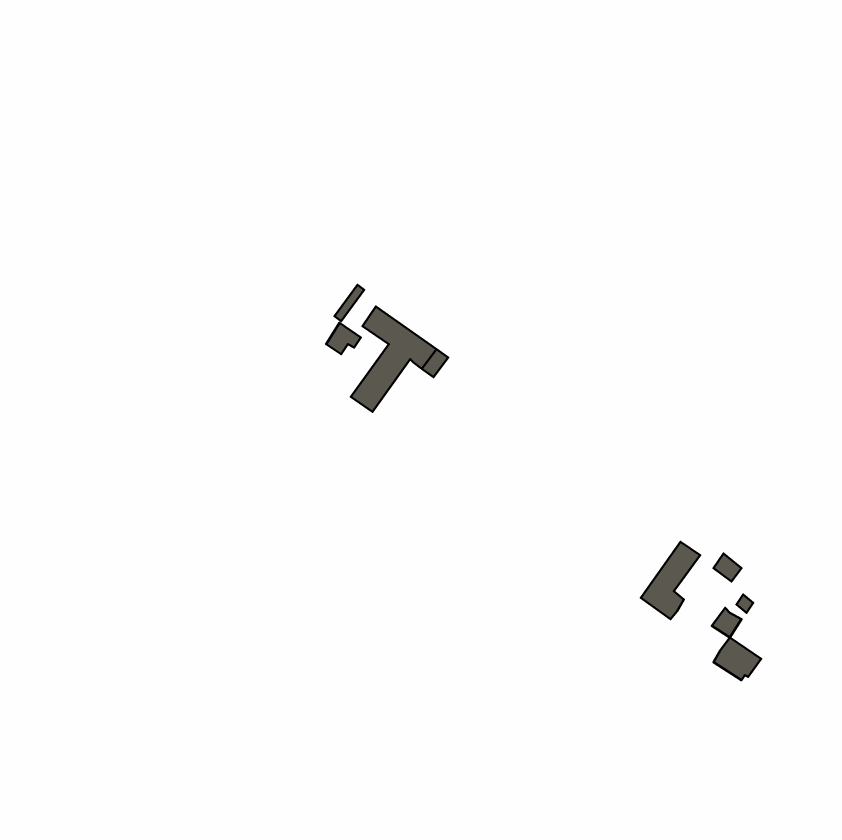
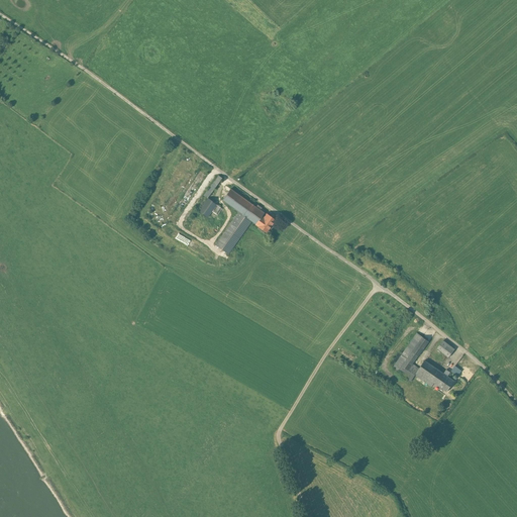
building: [713,637,761,680] -> [415,359,444,386]

